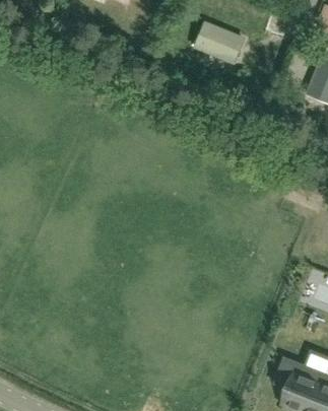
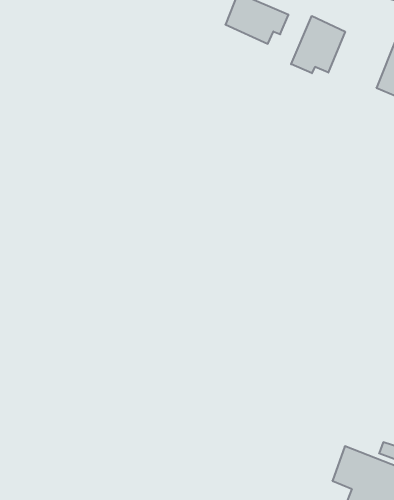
building: none -> [291,16,345,73]

